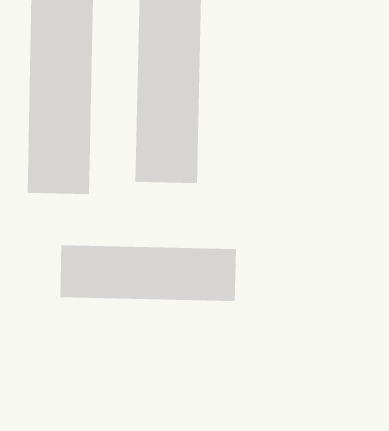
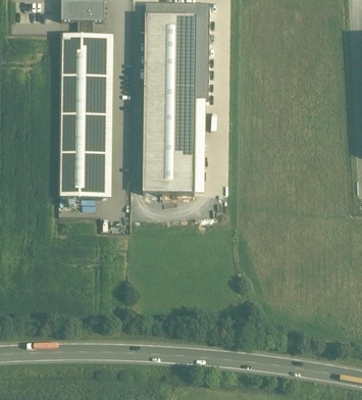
building: [60,244,236,302] -> none

